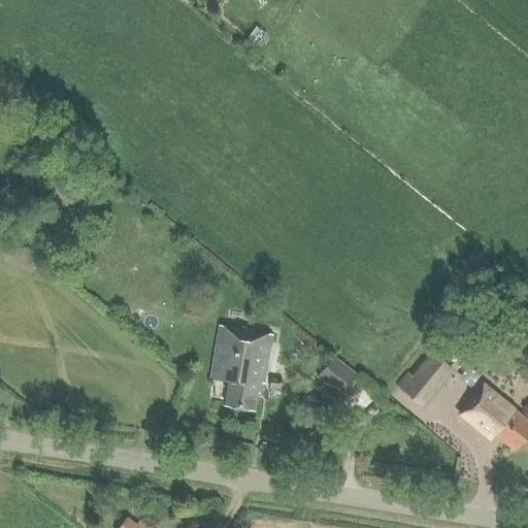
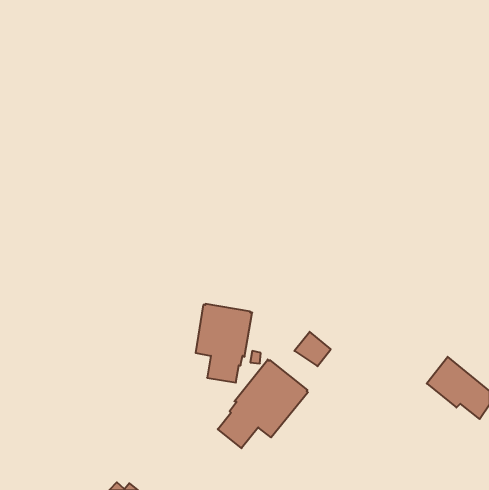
building: [397,354,452,406] -> none
building: none -> [218,359,308,448]

